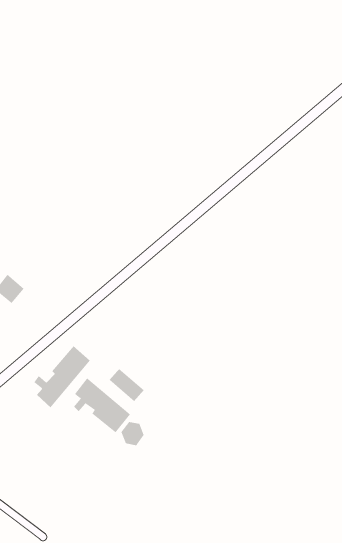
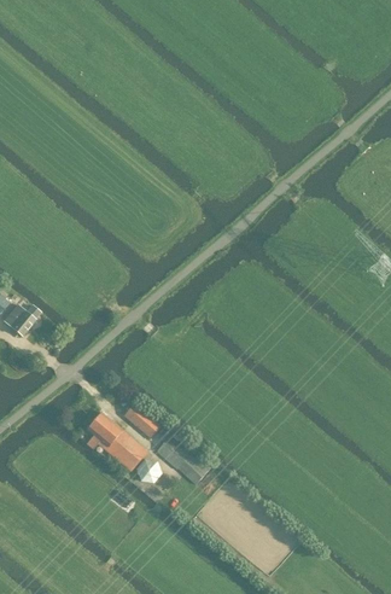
building: [34,346,91,408] -> none
building: none -> [157,436,212,484]

